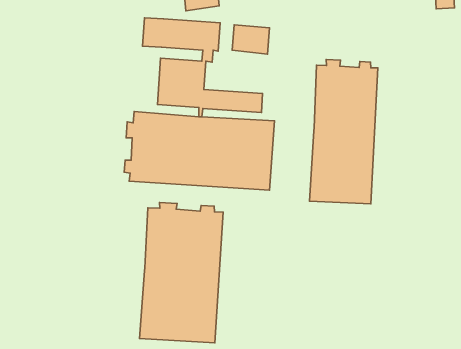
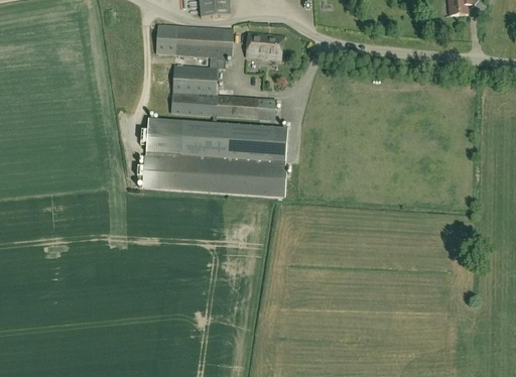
building: [309,59,378,204] -> none
building: [139,202,223,343] -> none

